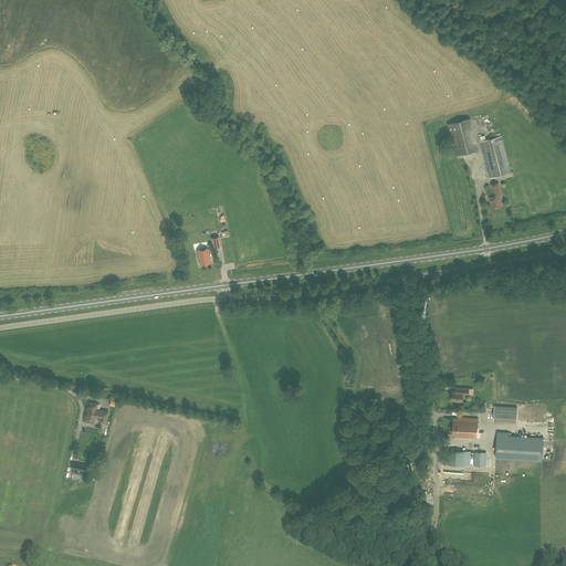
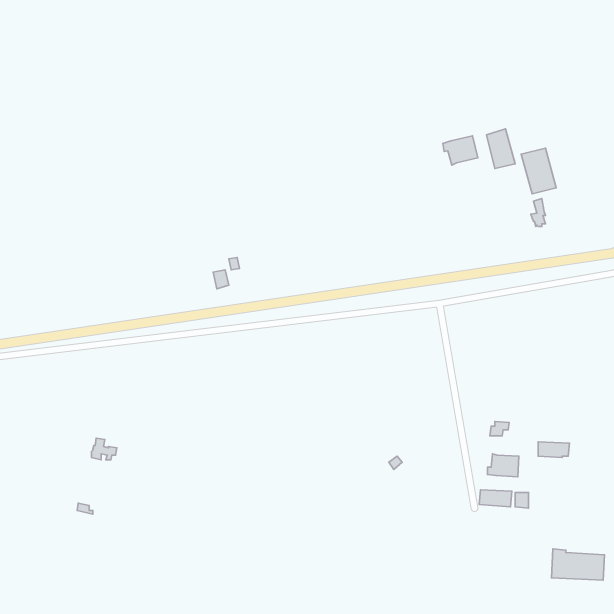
building: none -> [443,136,478,165]
building: [495,432,544,461] -> [551,549,604,580]

